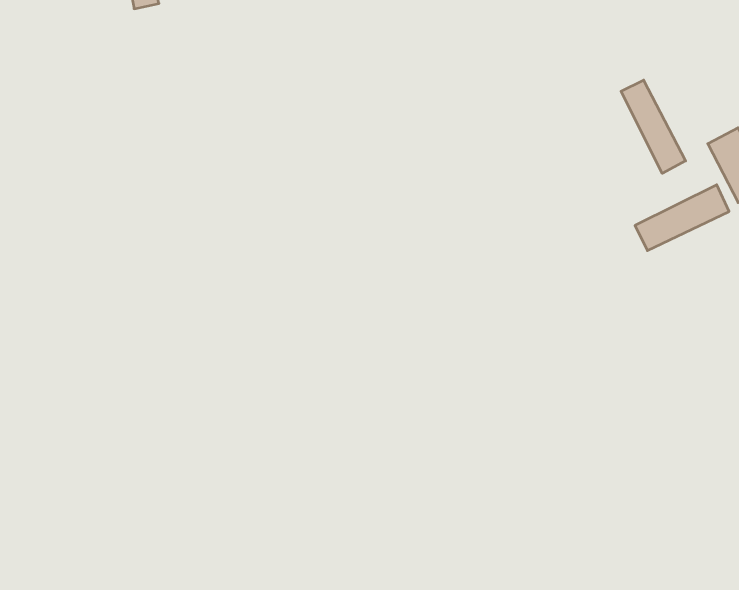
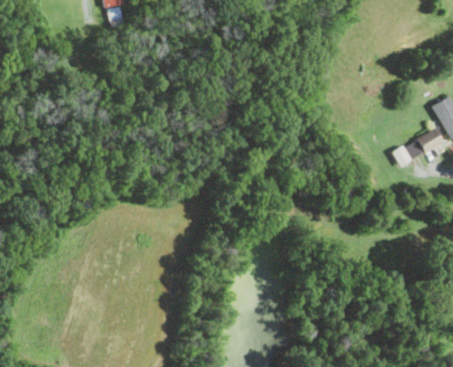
building: [621,80,686,173] -> none

